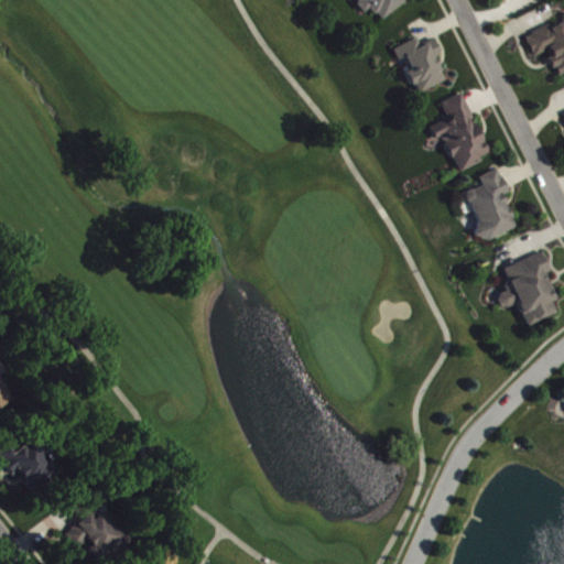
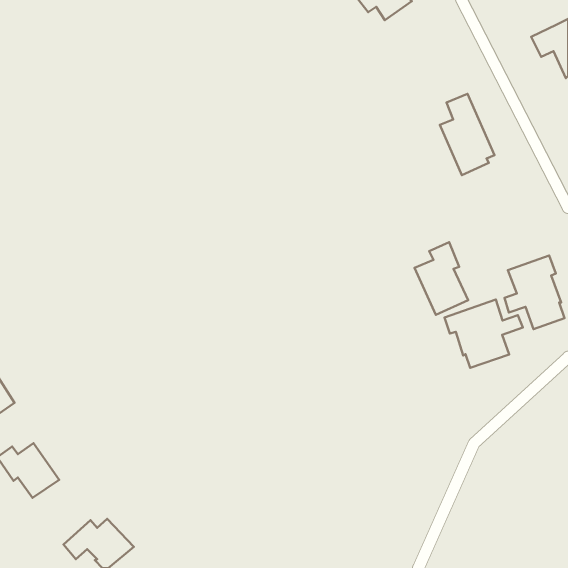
building: [393,37,445,93] -> none
building: [464,167,517,239] -> [415,242,468,315]
building: none -> [445,299,523,368]

